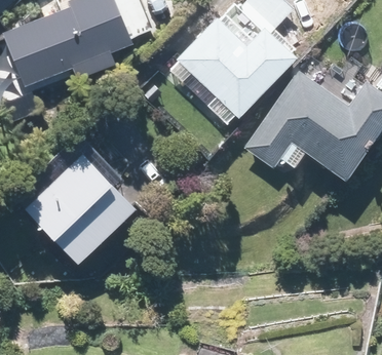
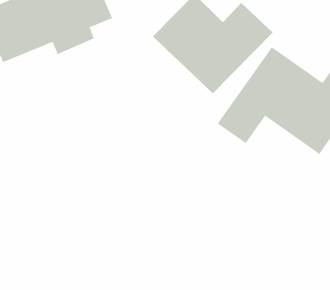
building: [26,152,138,263] -> none

